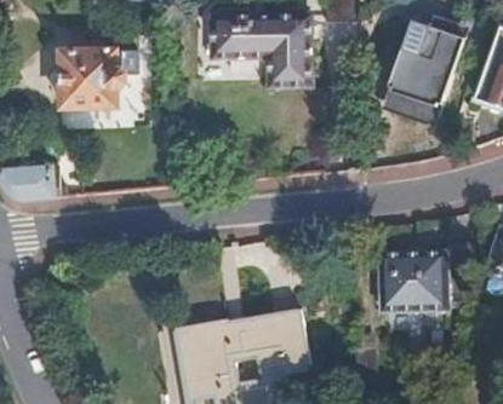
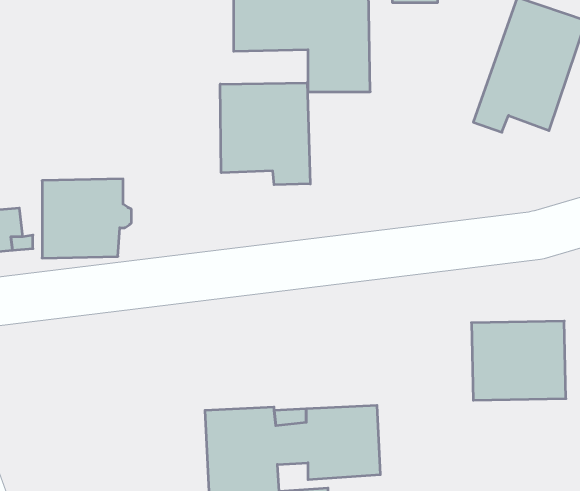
building: [59,52,124,109] -> [42,179,131,258]
building: none -> [220,83,310,185]

